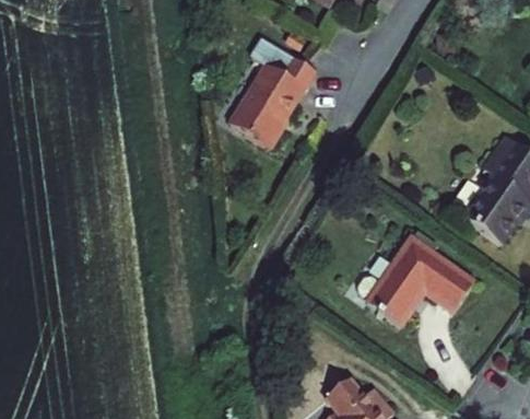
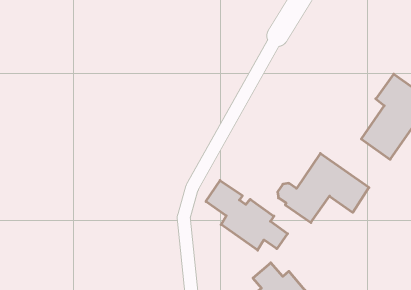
building: [232,56,316,144] -> none
building: none -> [206,180,288,250]

